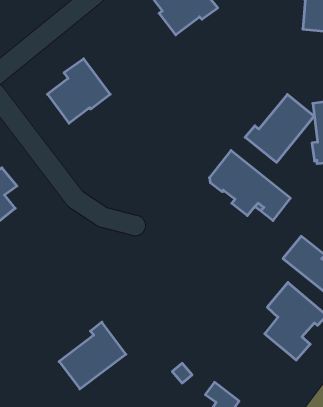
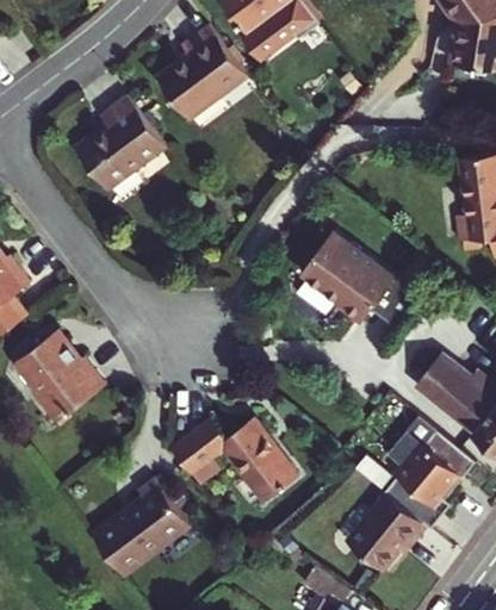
building: none -> [159,25,248,119]
building: [245,94,314,162] -> none
building: none -> [14,330,106,424]
building: none -> [172,416,297,502]
building: none -> [347,494,427,571]

